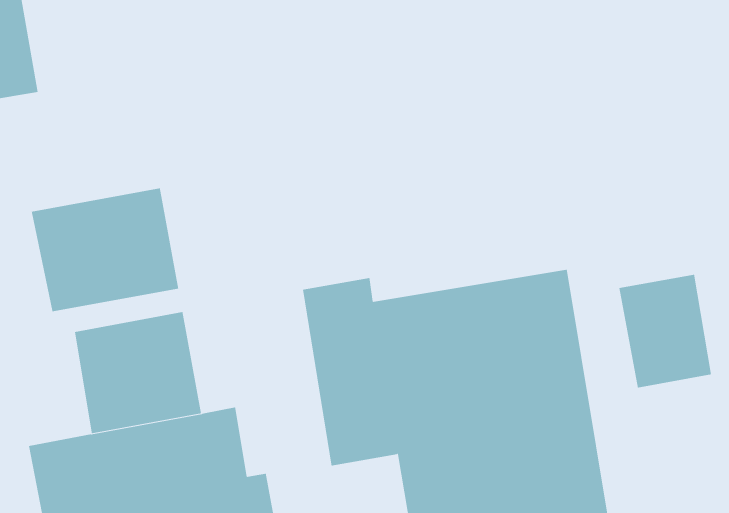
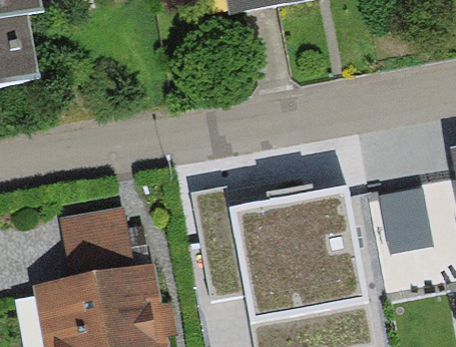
building: [31,187,179,312] -> none

